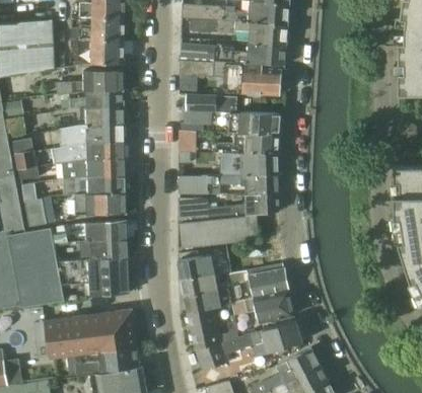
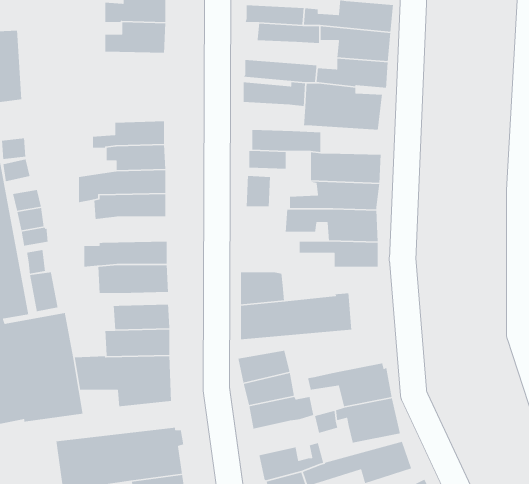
building: [16,20,54,73] -> none
building: [75,38,123,63] -> none
building: [56,69,123,93] -> none
building: [61,158,125,179] -> none
building: [179,175,220,194] -> none
building: [209,194,278,219] -> none
building: [187,306,218,330] -> none

